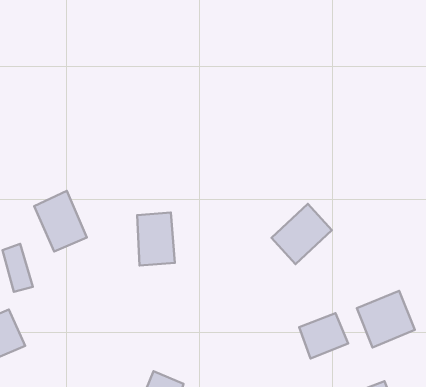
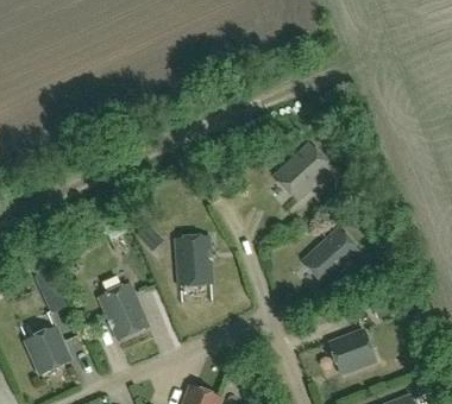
building: none -> [274,143,331,200]
building: [34,191,87,251] -> [98,282,147,339]
building: [357,291,415,347] -> none

